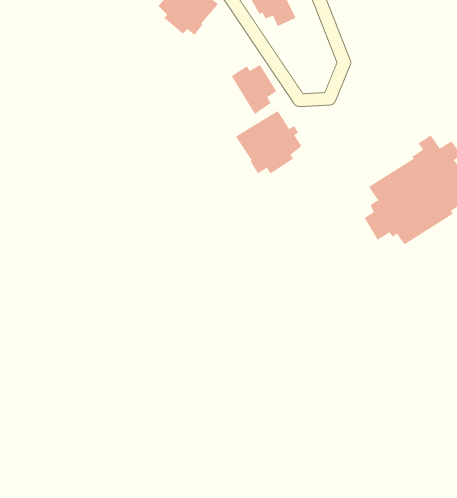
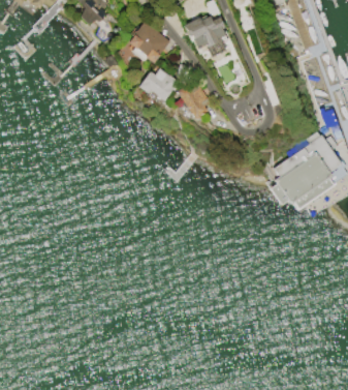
building: none -> [138,69,178,101]
building: [235,110,302,174] -> none

